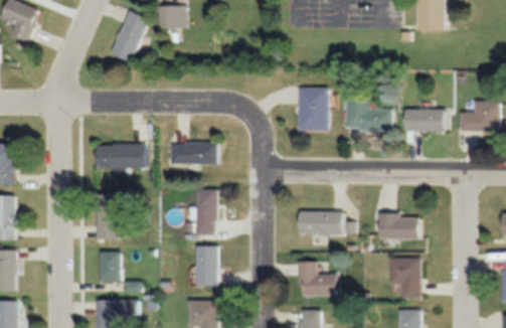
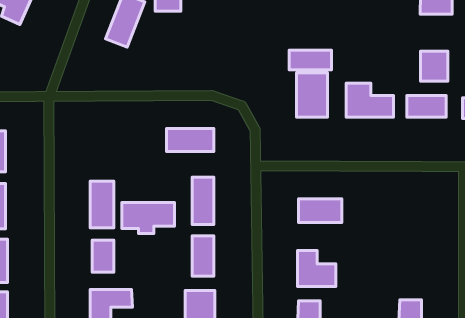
building: none -> [289,50,332,70]
building: none -> [421,51,448,81]
building: [97,144,148,174] -> [122,203,175,234]
building: [378,213,418,239] -> none
building: [390,258,419,297] -> none

